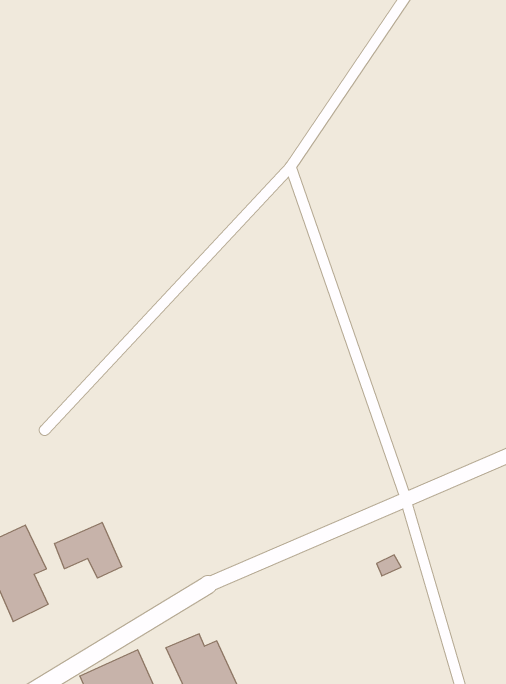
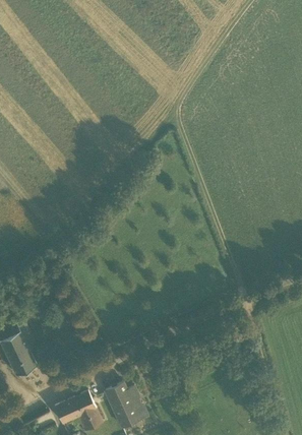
building: [55,522,122,578] -> none

